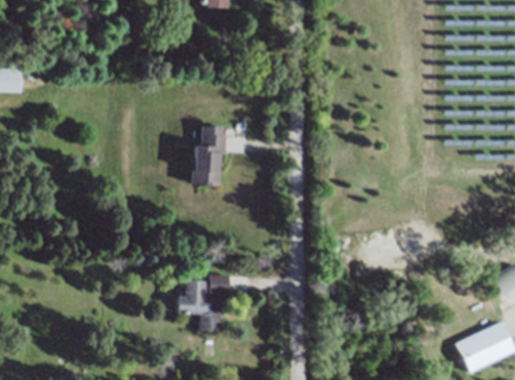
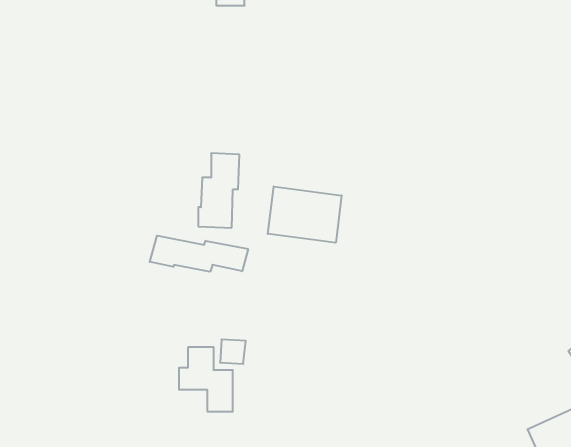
building: none -> [268,186,342,243]
building: none -> [150,236,248,272]

